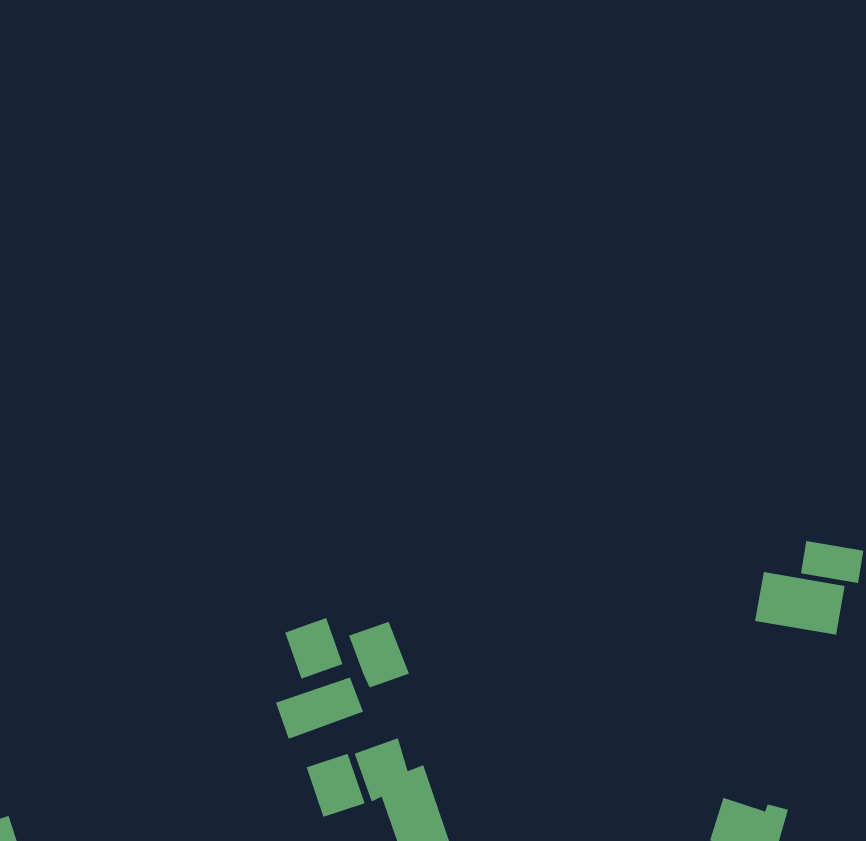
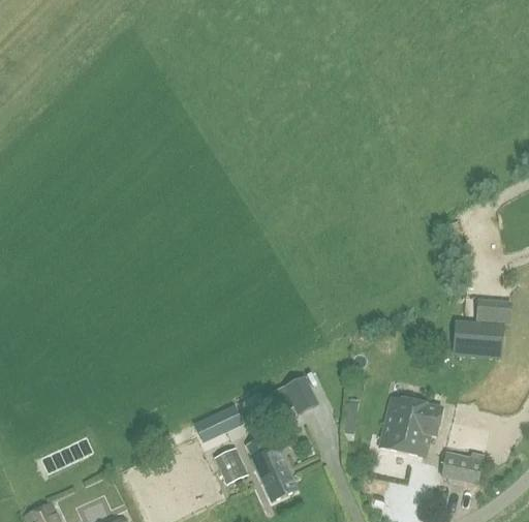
building: [284,617,343,680] -> none
building: [348,621,410,688] -> [282,375,318,413]
building: none -> [381,397,443,457]

